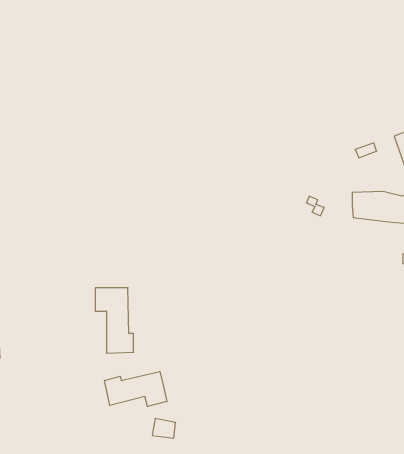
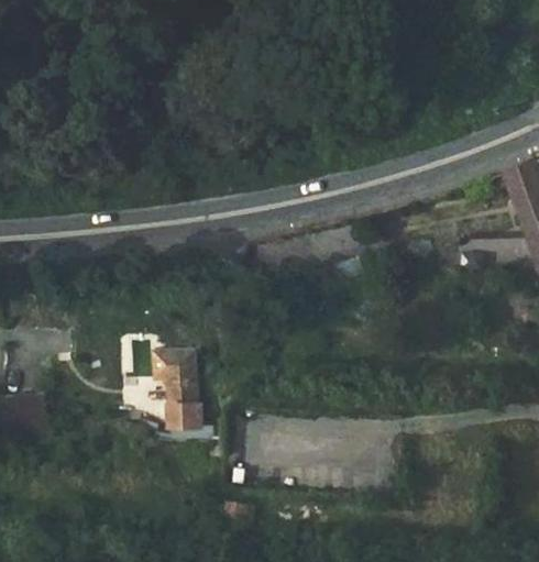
building: [105,371,167,407] -> none

